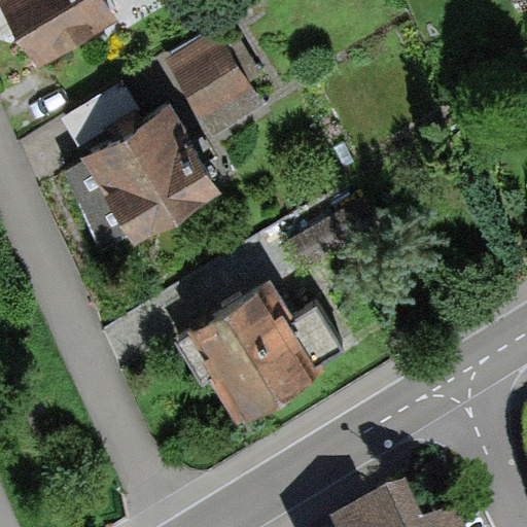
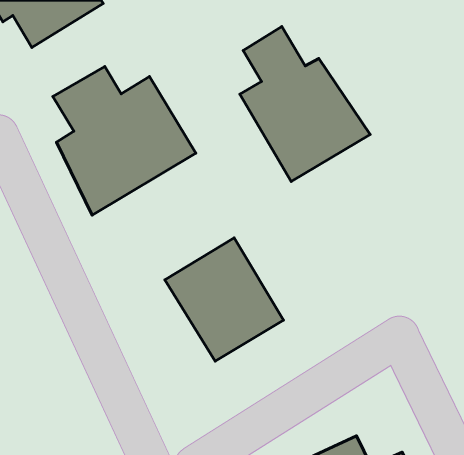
building: [165,33,267,144] -> none
building: none -> [240,26,370,182]

